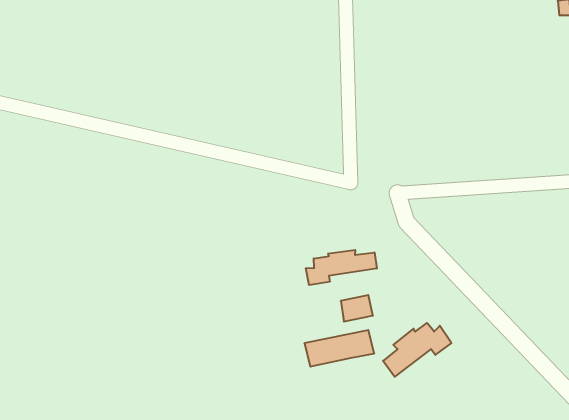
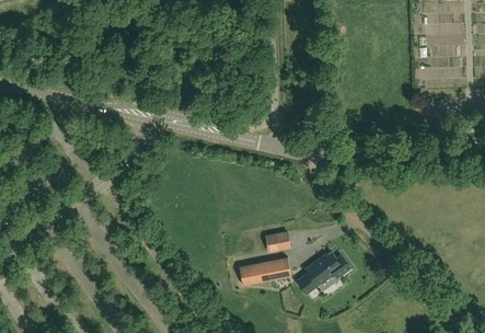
building: [306,250,377,285] -> none

